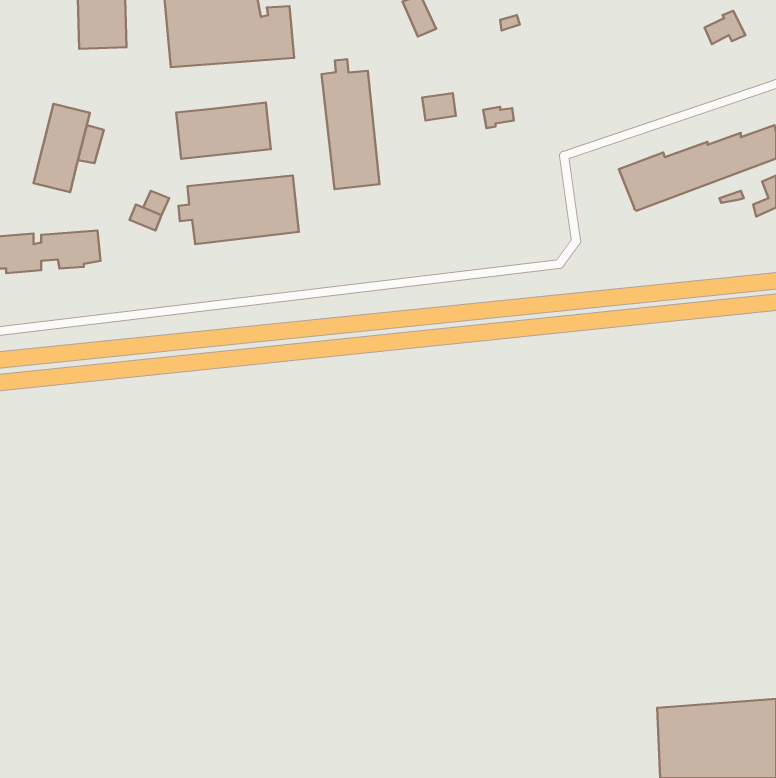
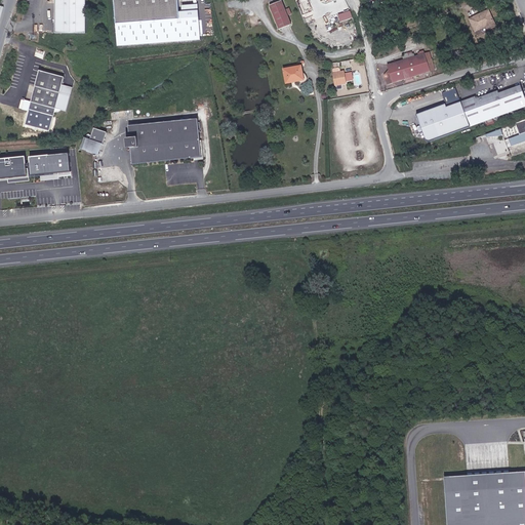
building: [321,59,379,189] -> none
building: none -> [388,53,439,85]
building: [176,103,271,159] -> none

